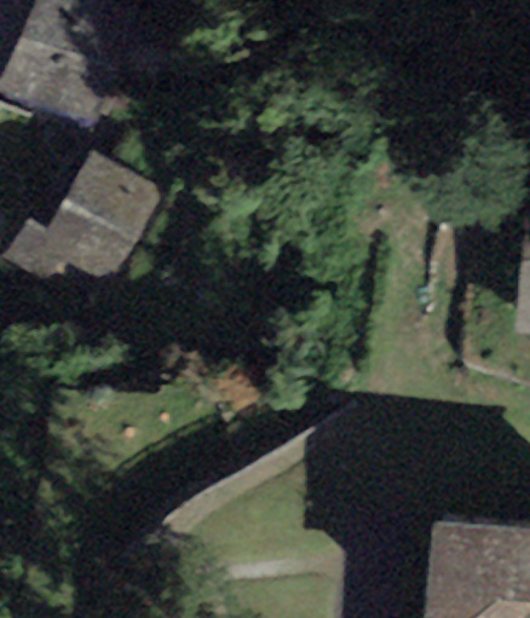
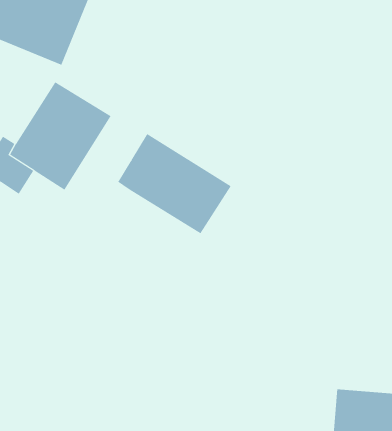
building: none -> [118,133,232,234]

